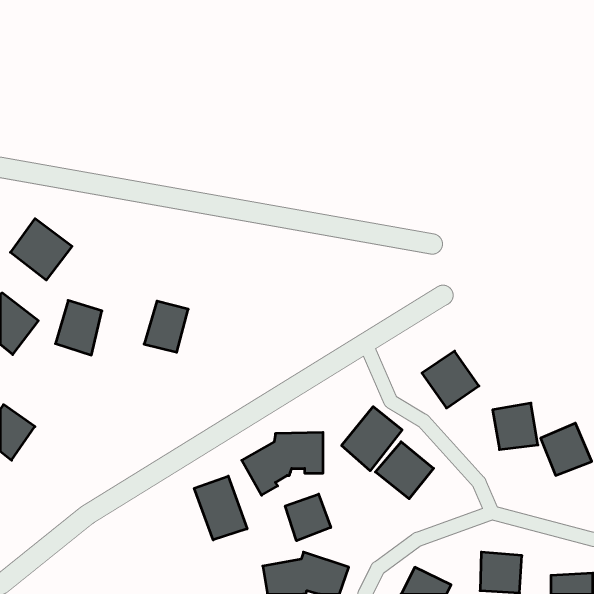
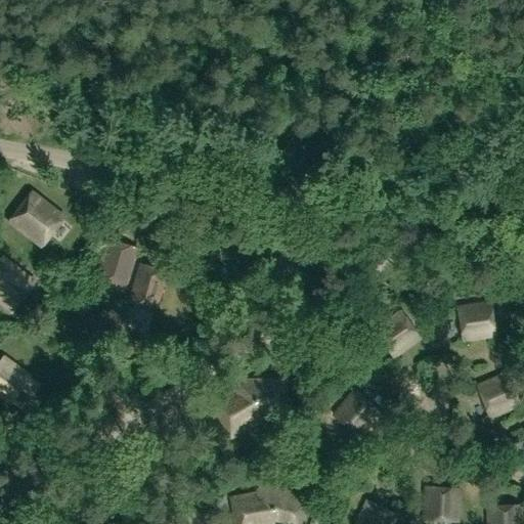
building: [55,300,102,355] -> [96,239,137,288]
building: [493,403,538,450] -> [456,301,496,342]
building: [342,407,402,471] -> none
building: [194,476,247,540] -> none
building: [285,494,331,541] -> none

